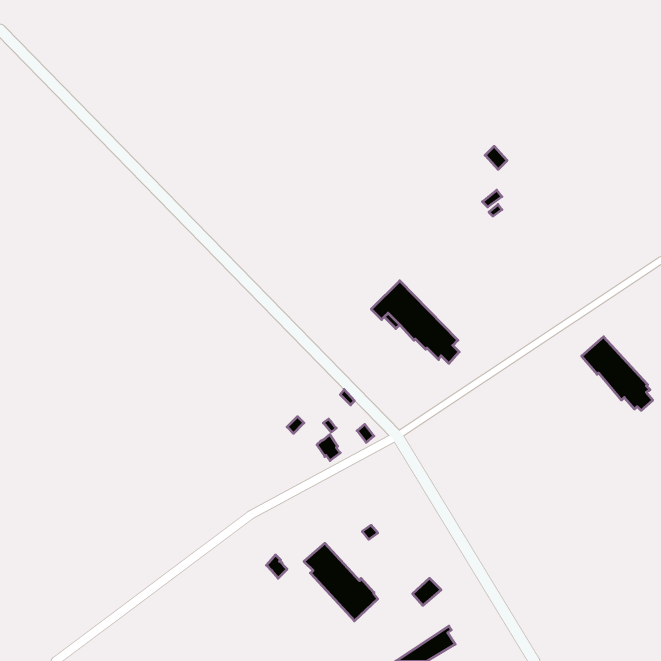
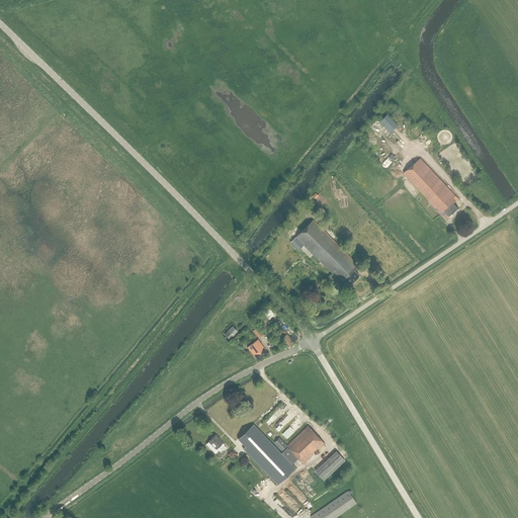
building: [582,337,653,410] -> [404,159,459,217]
building: none -> [274,426,325,464]

